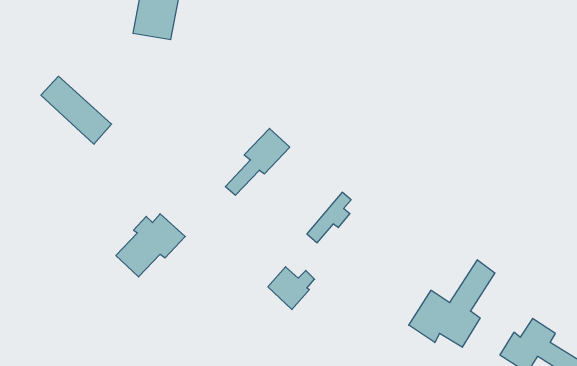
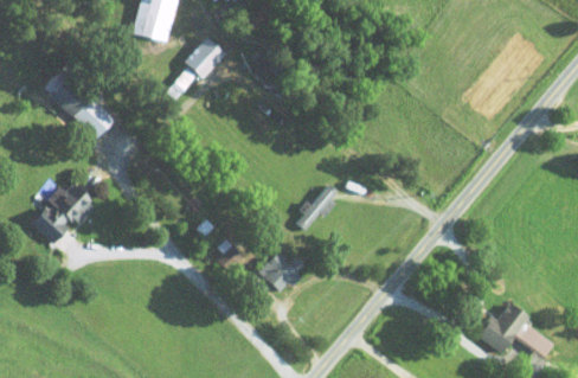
building: [225,128,290,195] -> [165,36,225,98]
building: [116,214,185,277] -> [30,182,95,242]
building: [409,260,495,347] -> none

